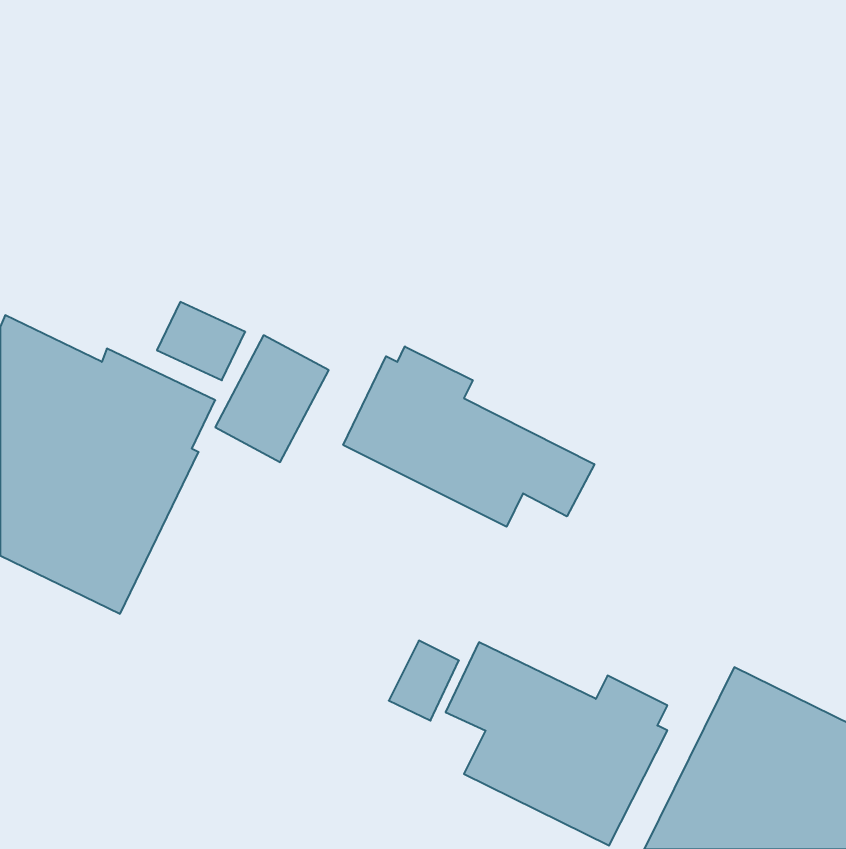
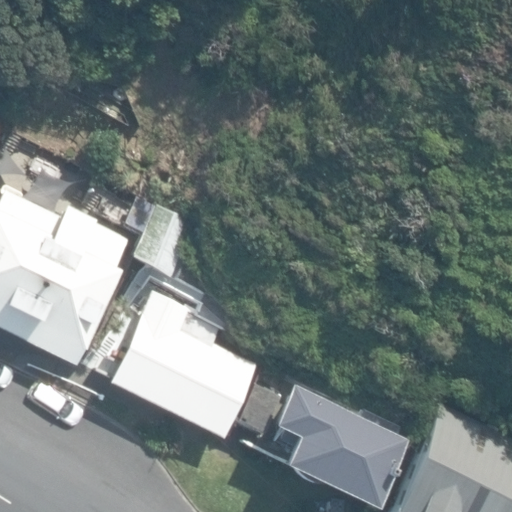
building: [343,346,594,527] -> none
building: none -> [108,291,264,441]

